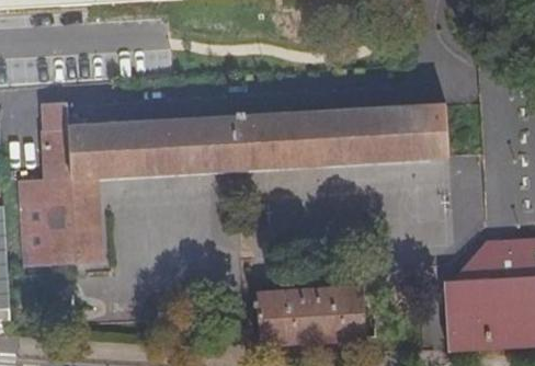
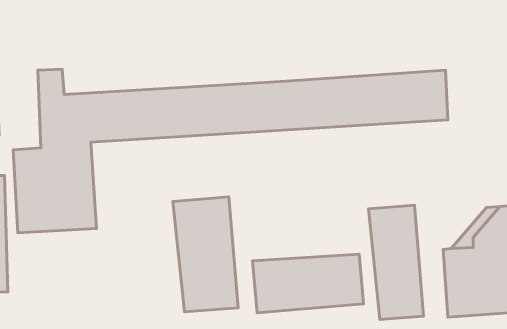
building: none -> [173,197,238,312]
building: none -> [368,205,424,320]

